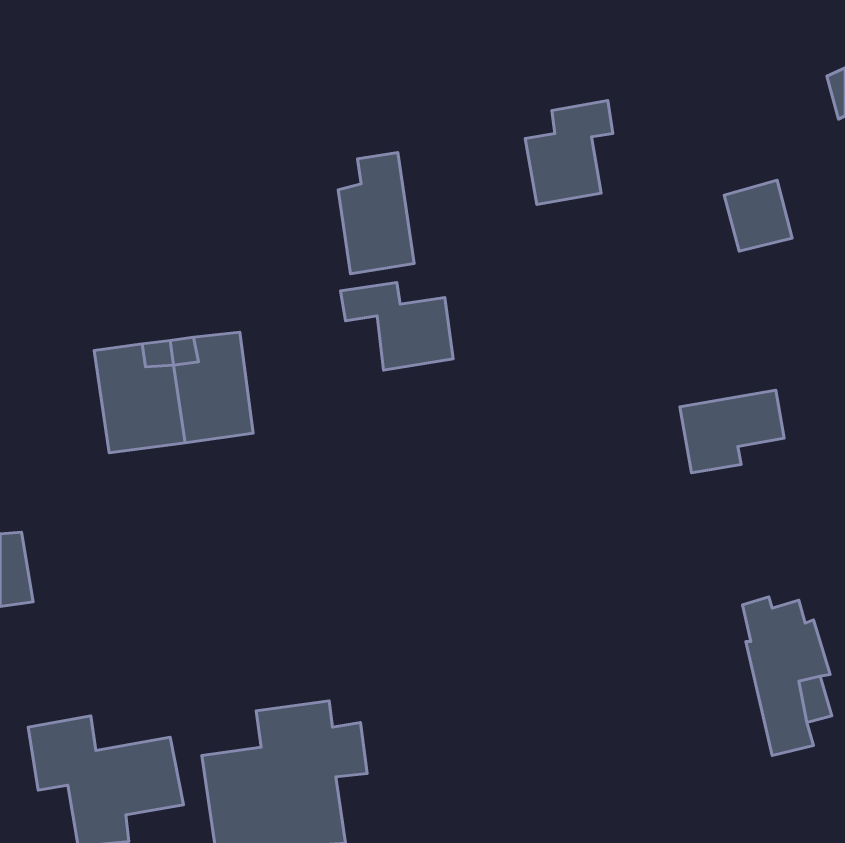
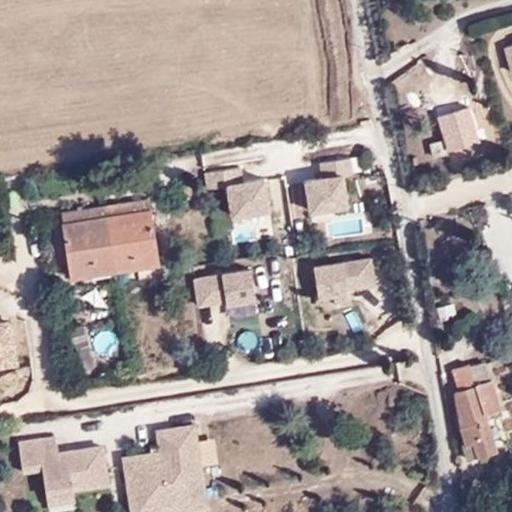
building: [525,101,613,205] -> [305,159,358,222]
building: [338,153,414,274] -> none
building: [680,390,784,473] -> [315,259,378,309]
building: none -> [192,269,259,313]

